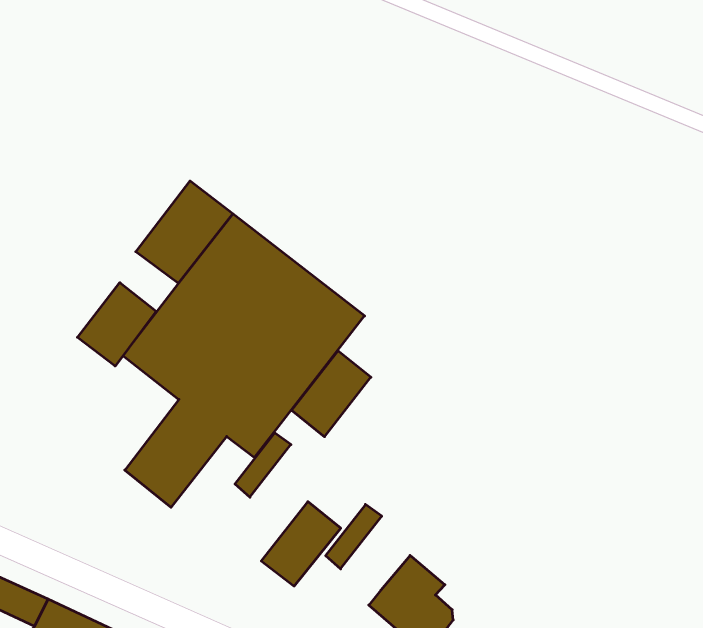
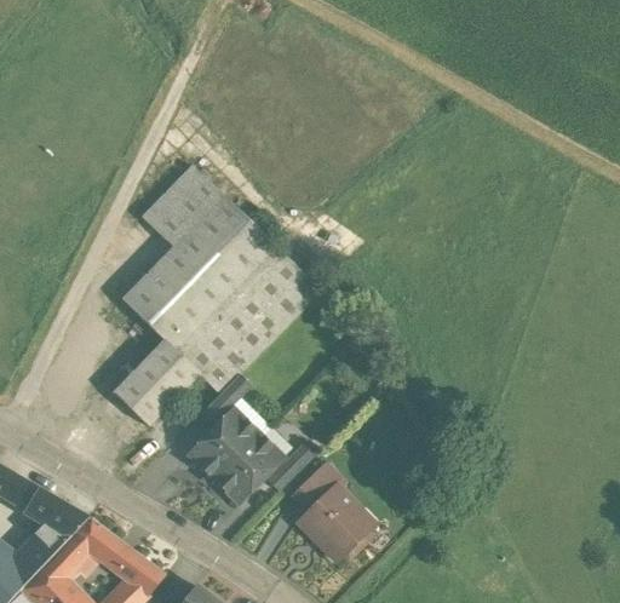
building: [77,283,156,366] -> none
building: [291,351,371,437] -> [191,409,258,477]
building: none -> [293,465,341,511]

